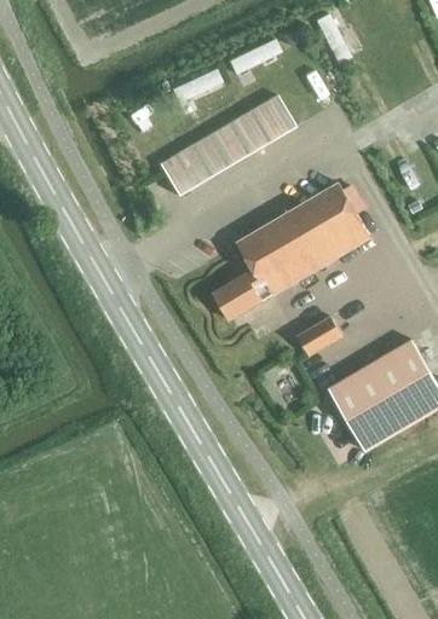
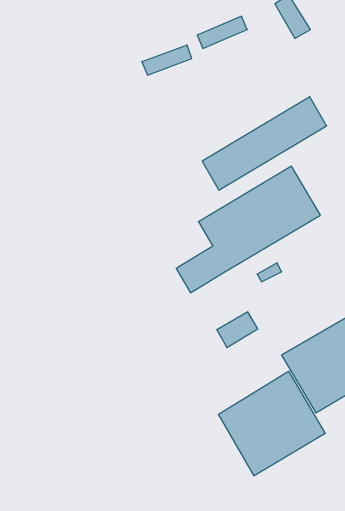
building: [157,96,293,197] -> [202,97,327,190]
building: [296,318,341,357] -> [217,312,258,348]
building: none -> [218,371,325,476]

